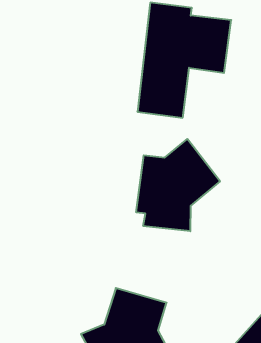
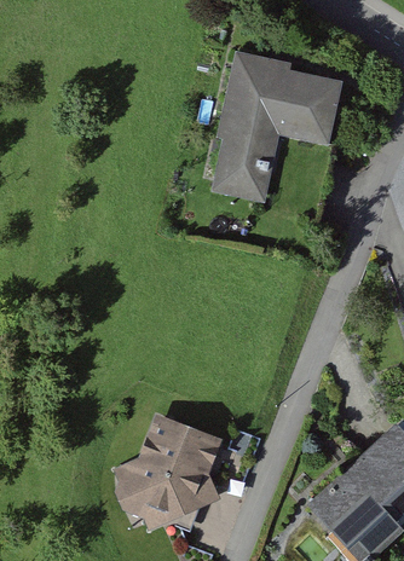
building: [136,139,220,231] -> none

